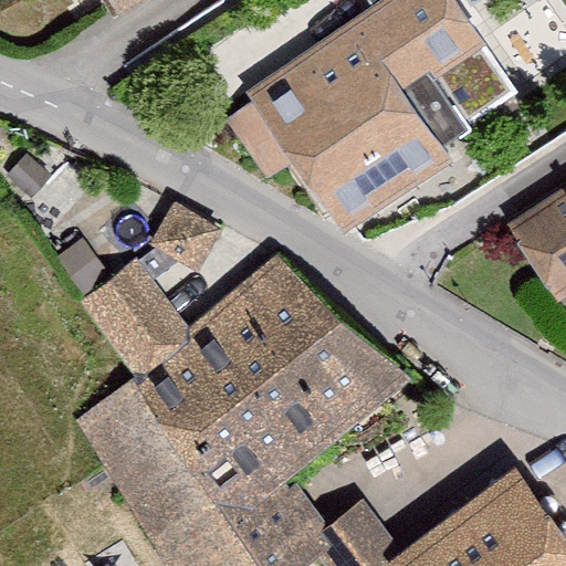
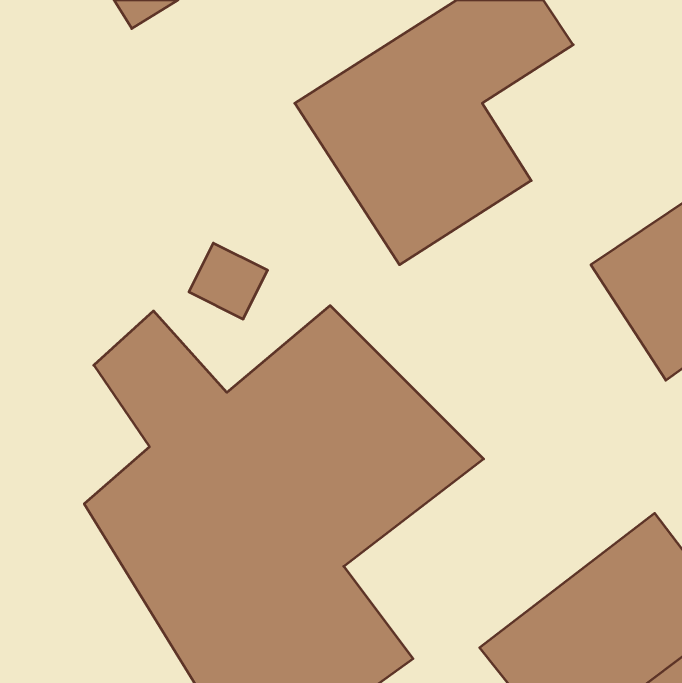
building: [419,44,530,144] -> none

